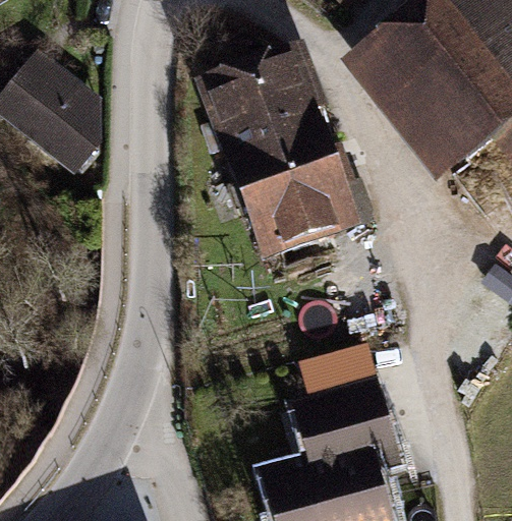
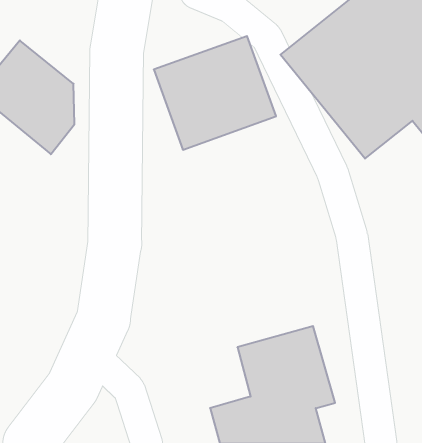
building: [228,134,365,255] -> none

